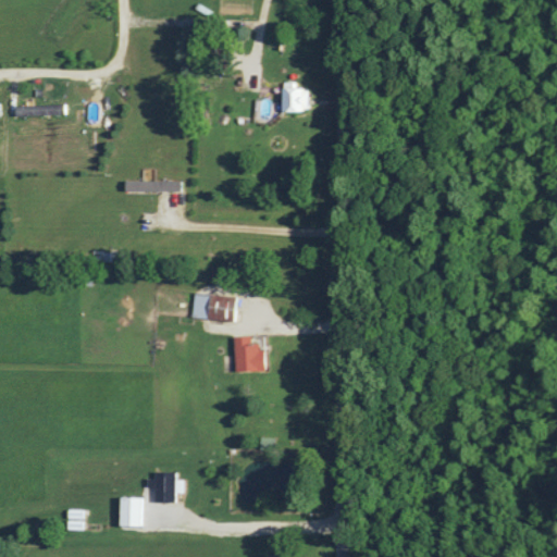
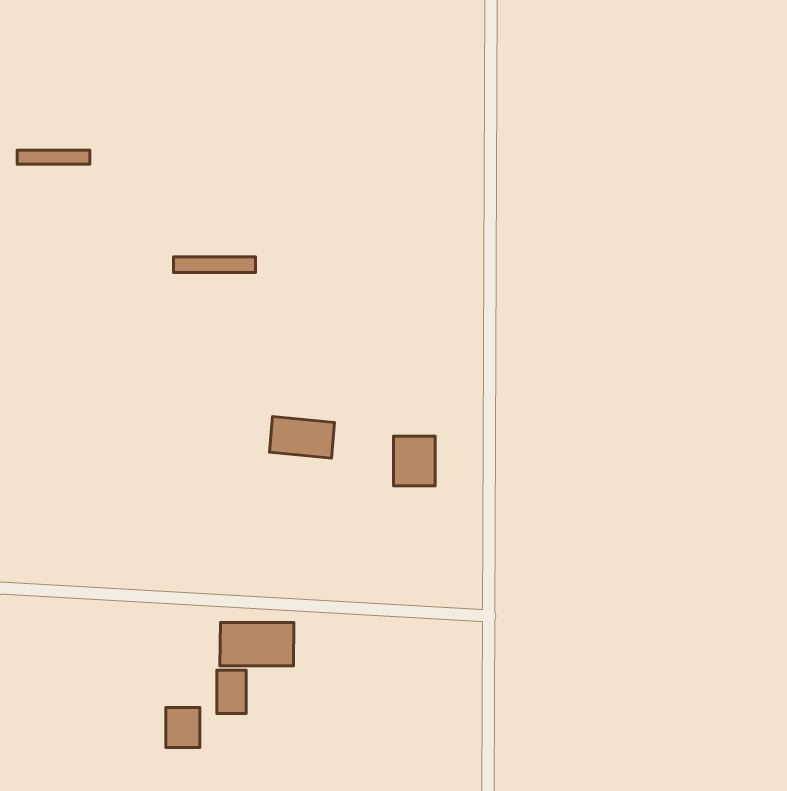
building: [281,88,308,112] -> none
building: [235,336,264,371] -> [393,436,435,486]
building: none -> [220,622,294,666]

